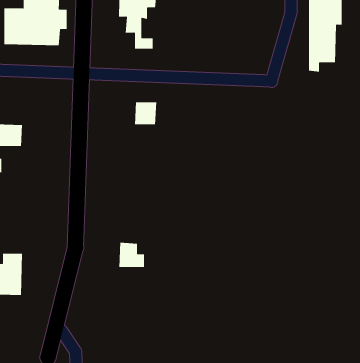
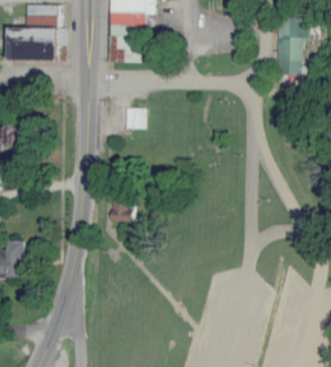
building: [118,242,145,267] -> [109,199,132,221]

